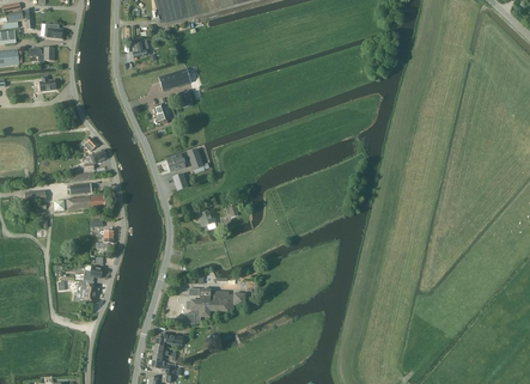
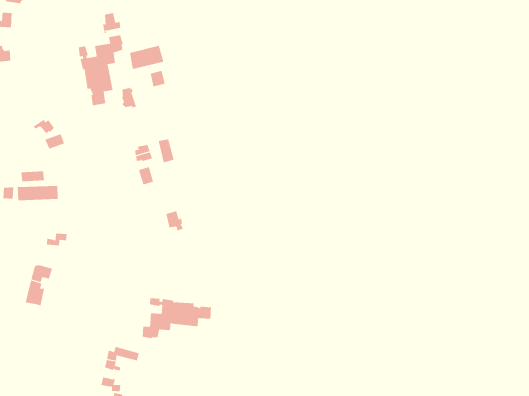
building: none -> [78,35,124,106]

